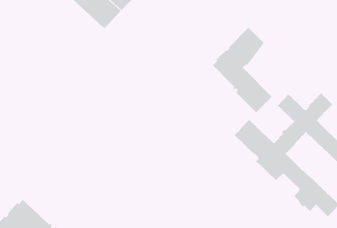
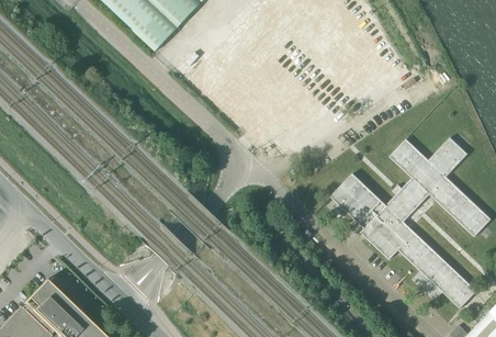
building: [212,27,273,113] -> none

